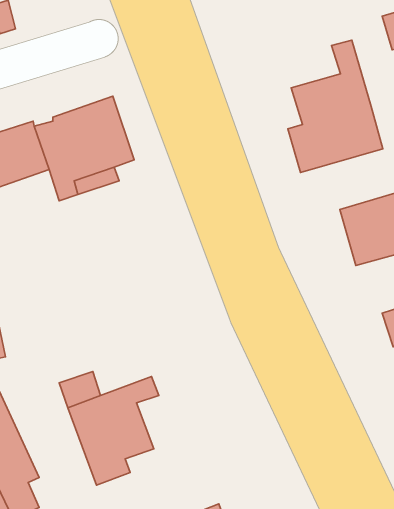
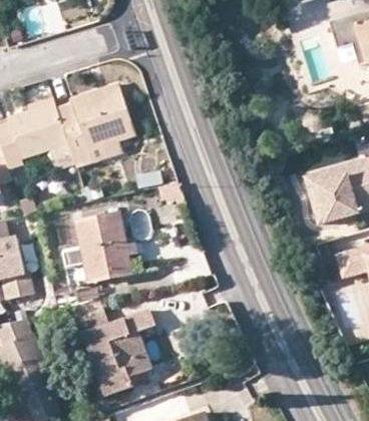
building: [288,40,383,173] -> none
building: none -> [64,214,131,284]

